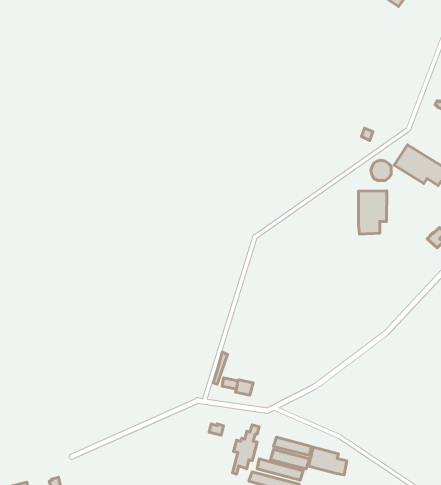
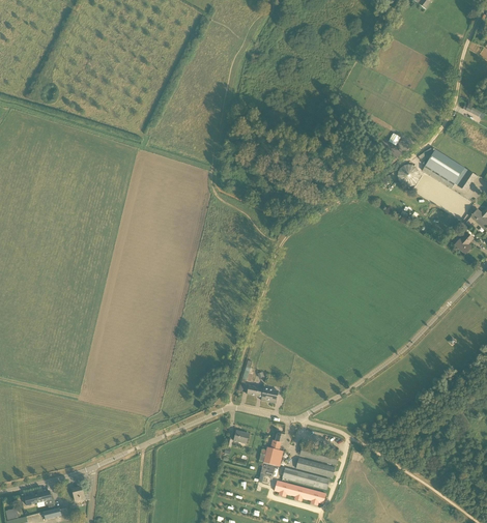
building: [359,191,387,234] -> none
building: [308,447,347,475] -> none

